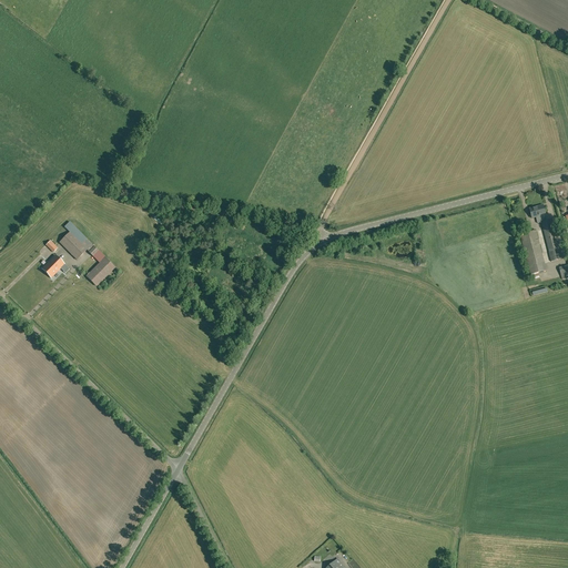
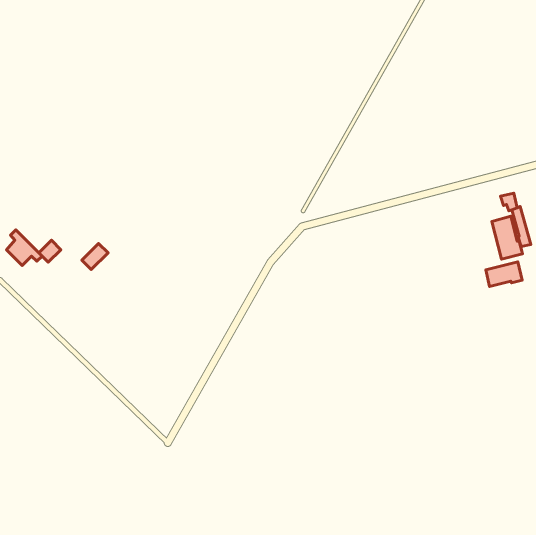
building: [60,221,98,258] -> [6,230,42,265]
building: none -> [486,262,522,286]

